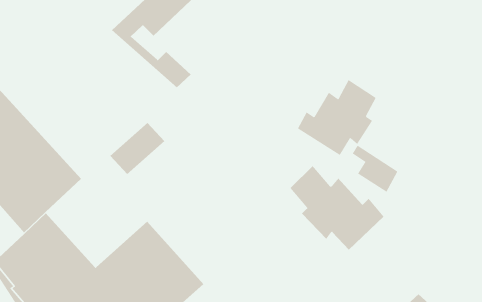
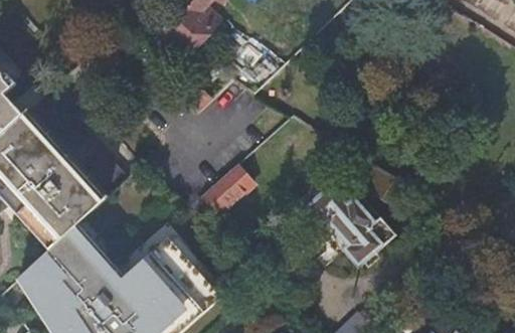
building: [297,79,377,156] -> none
building: [109,122,165,175] -> [194,170,247,220]

